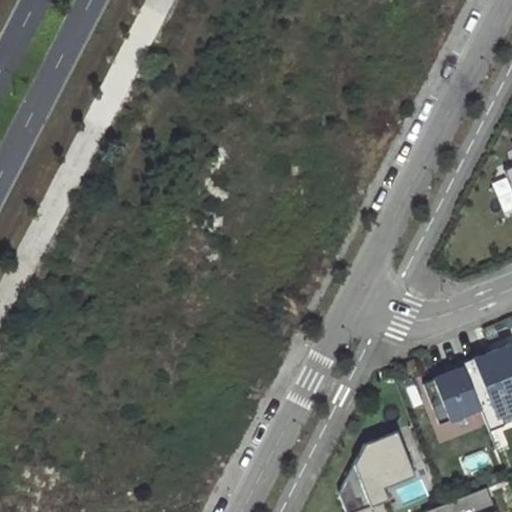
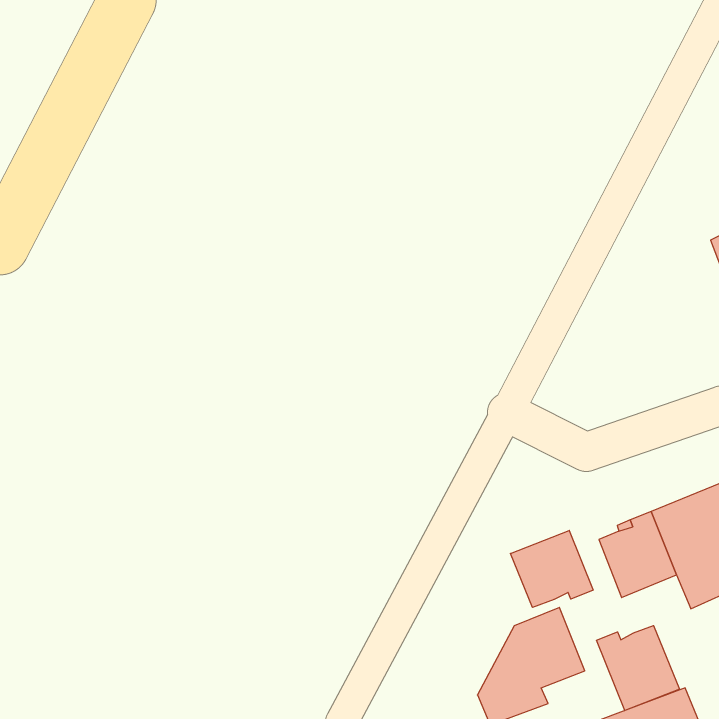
building: none -> [510,530,593,607]
building: none -> [597,626,680,711]

